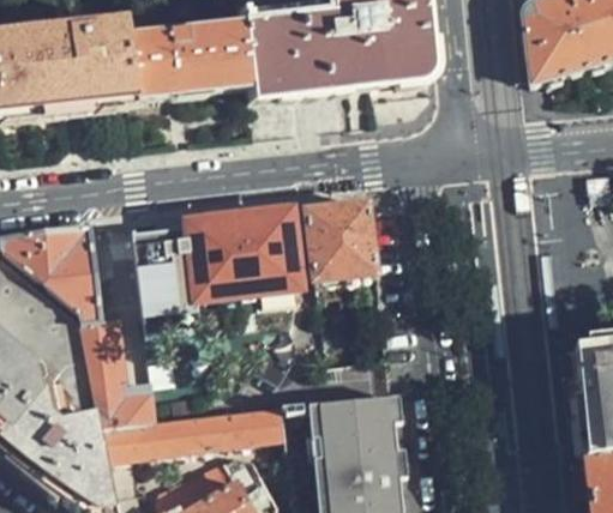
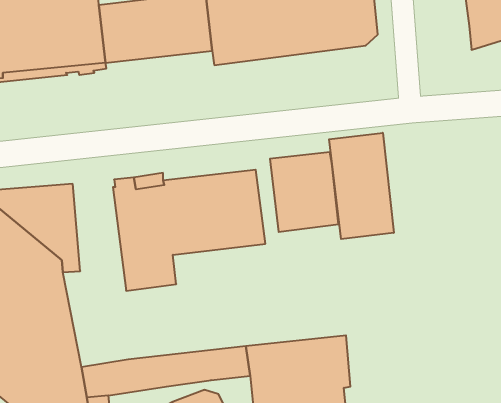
building: none -> [329,133,394,239]
building: [83,324,155,429] -> none

